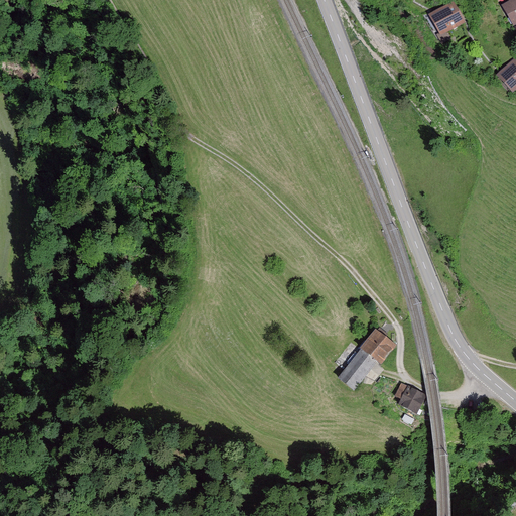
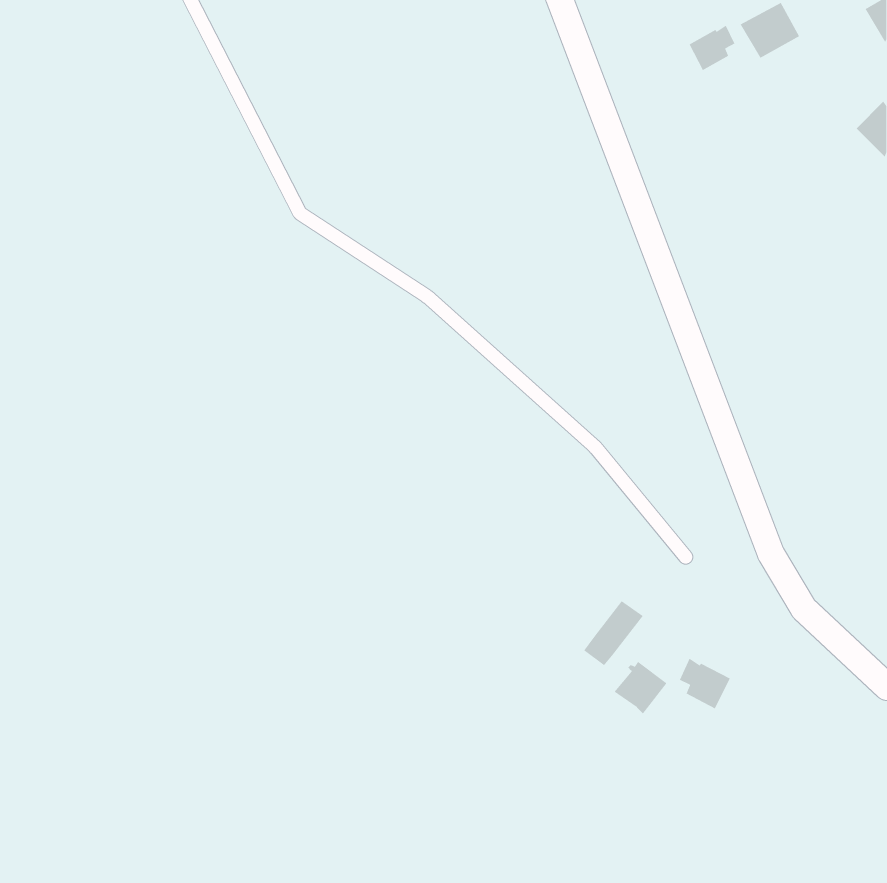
building: none -> [688,24,736,71]
building: [361,331,392,362] -> [614,661,667,714]

